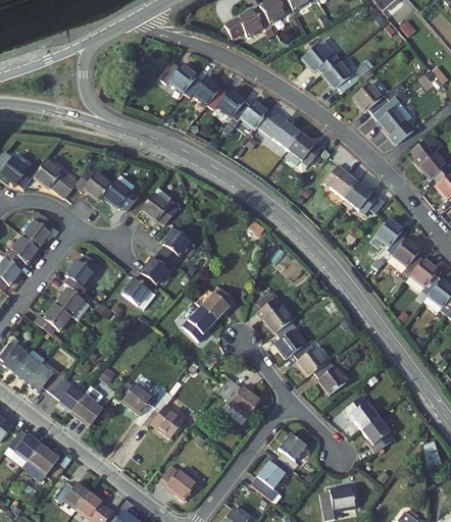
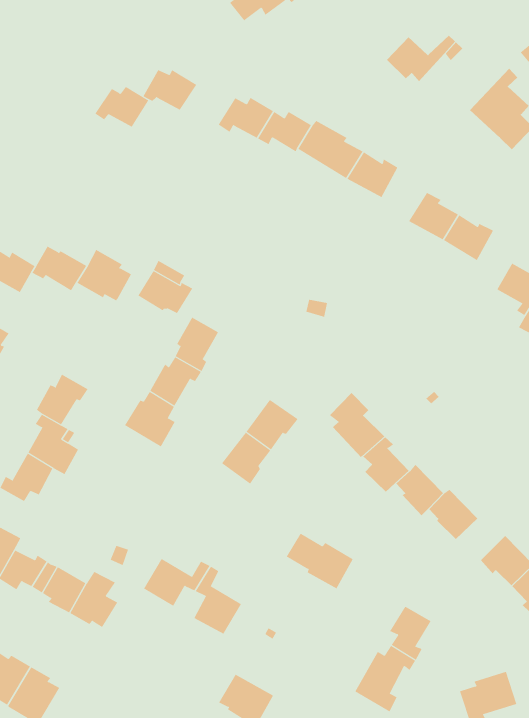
building: [302,40,339,74] -> none
building: [184,75,220,103] -> [94,86,149,128]
building: [353,83,404,114] -> none

